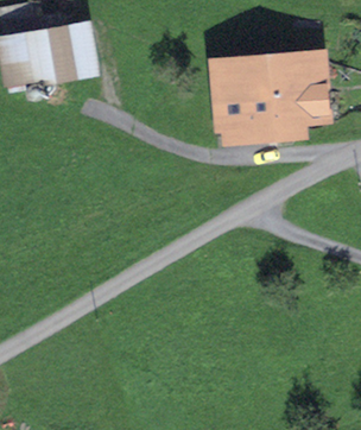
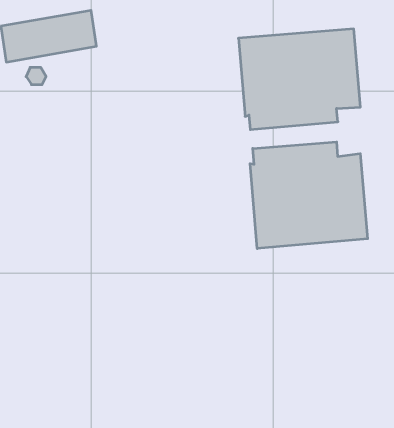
building: none -> [250,142,368,249]

